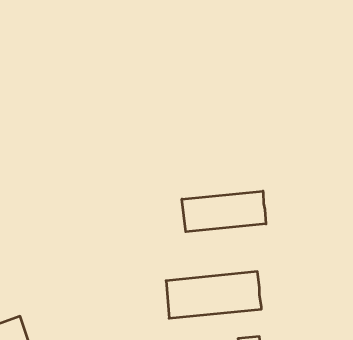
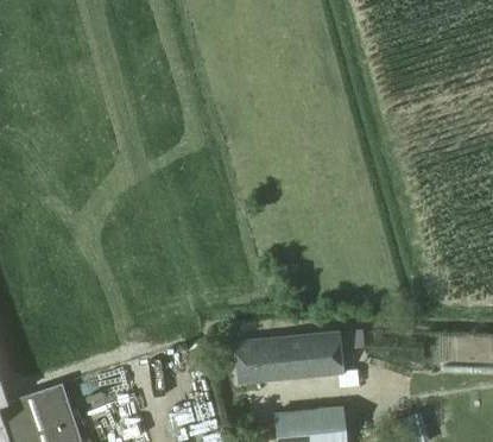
building: [182,191,266,232] -> none

